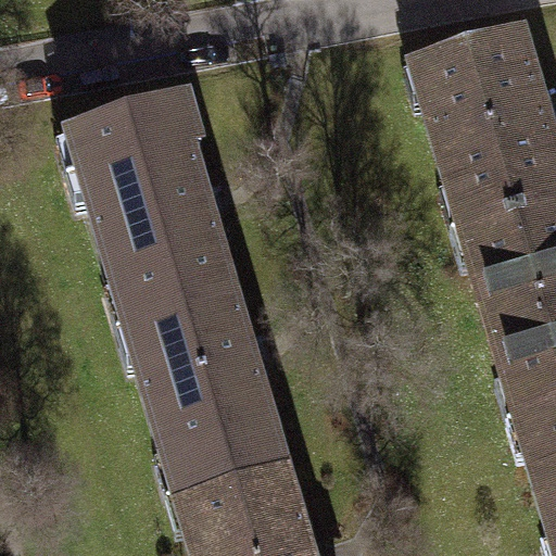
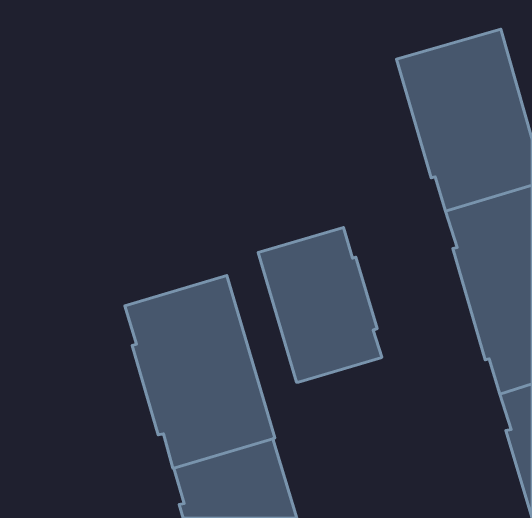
building: [68,90,237,319] -> none
building: none -> [258,227,382,382]

